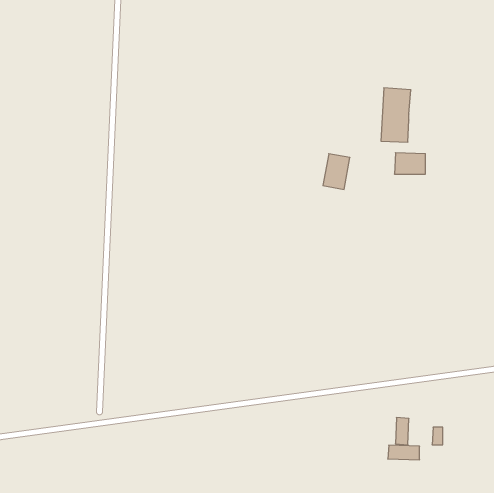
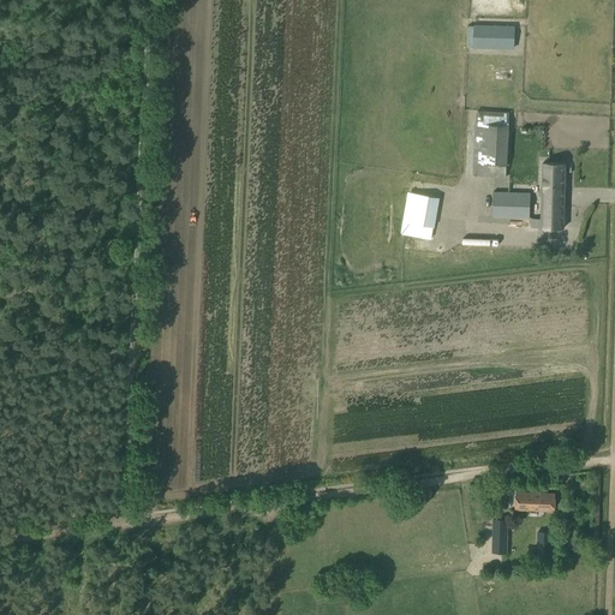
building: none -> [474,26,515,49]
building: none -> [531,163,566,228]
building: [388,445,420,460] -> [515,492,555,510]

